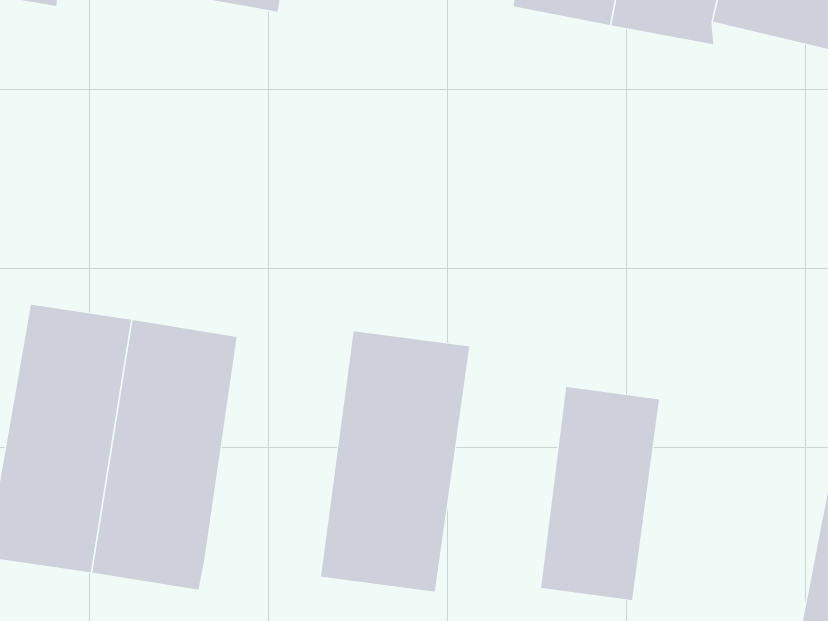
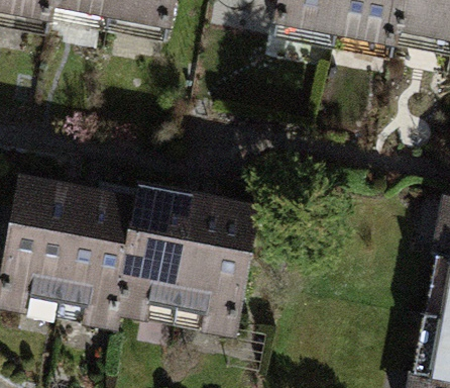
building: none -> [109,191,187,328]
building: [541,386,659,601] -> none

